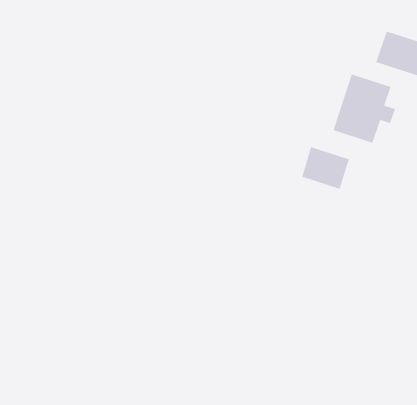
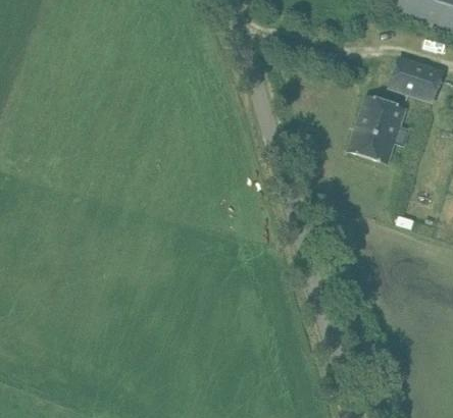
building: [301,146,350,190] -> none

